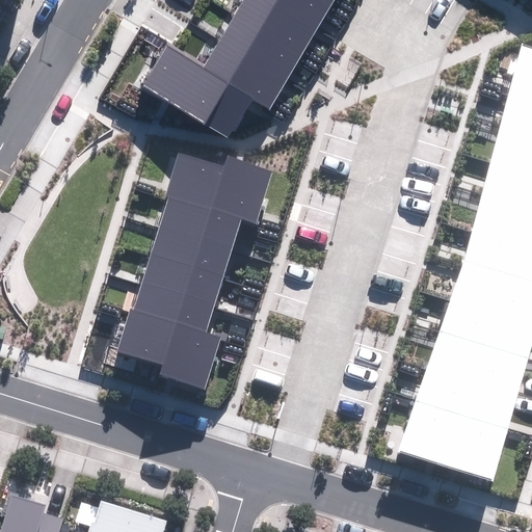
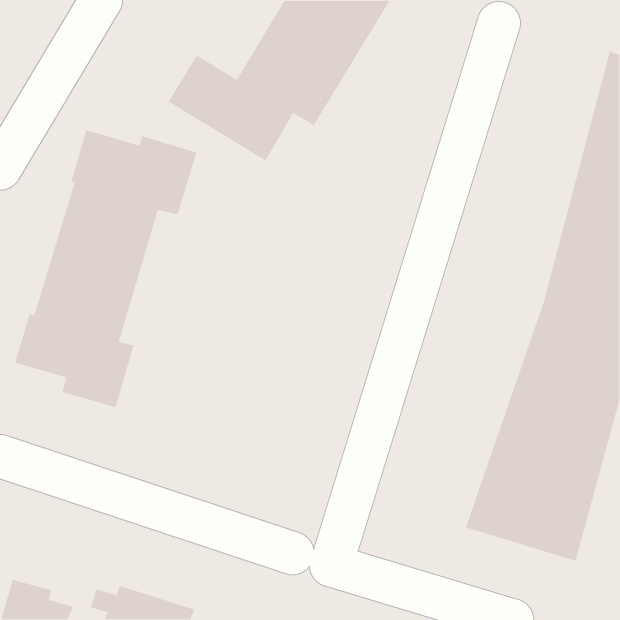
building: [117,152,274,391] -> [14,129,197,408]

